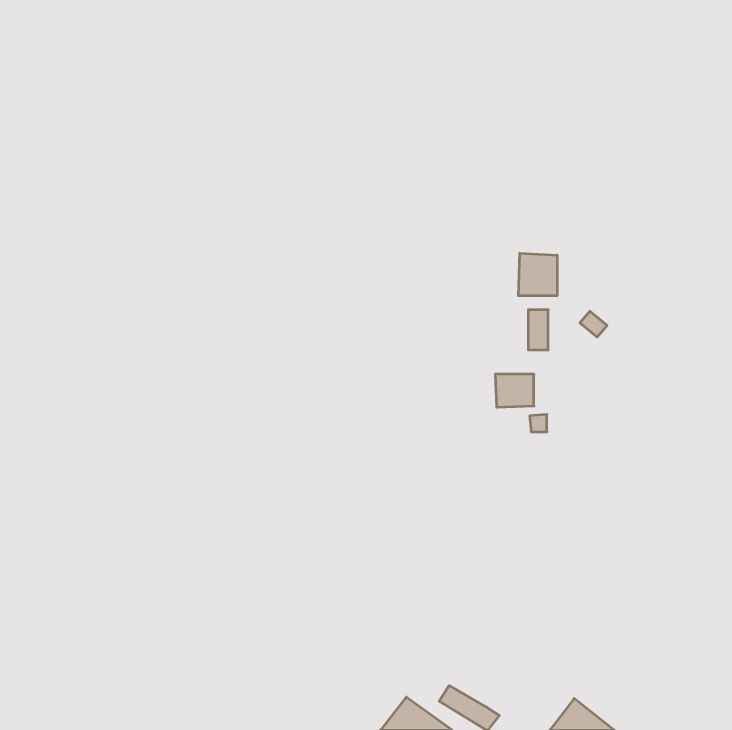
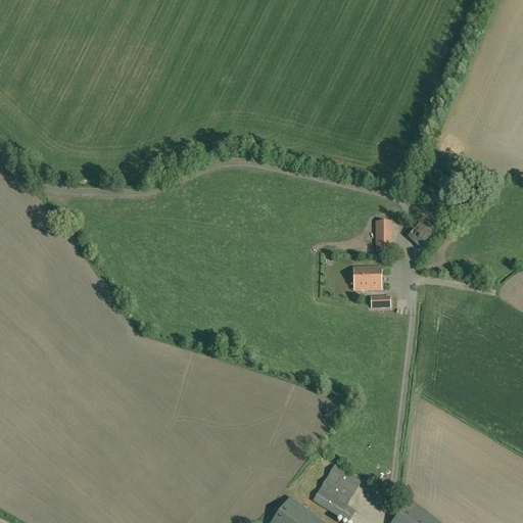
building: [518,253,557,296] -> none
building: none -> [320,464,362,504]

